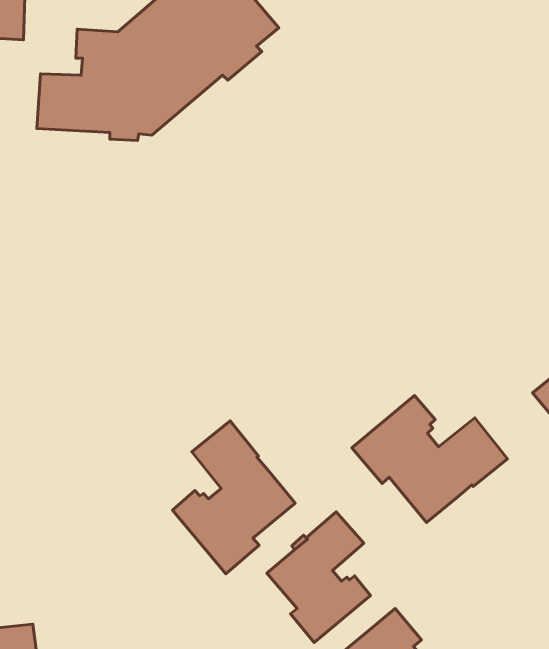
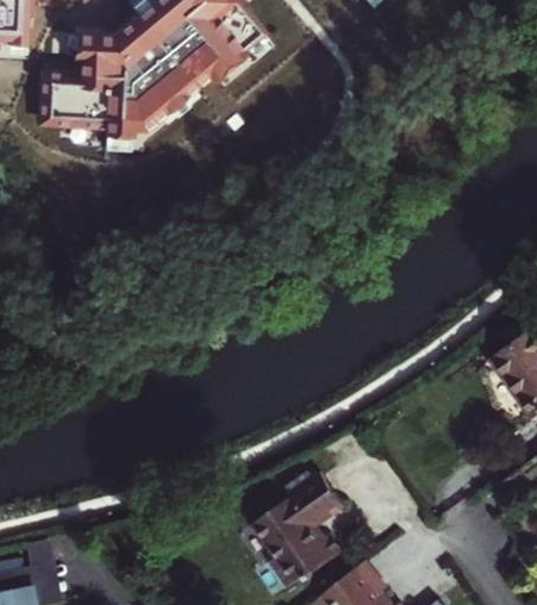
building: [352,396,508,522] -> none
building: [172,421,295,574] -> none

